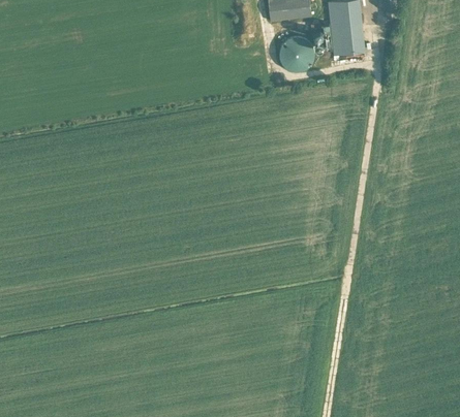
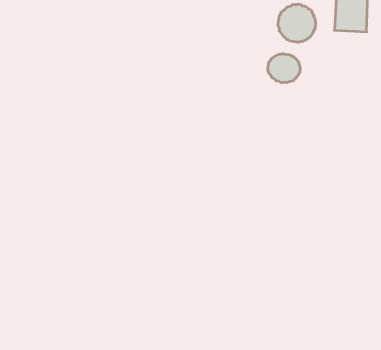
building: none -> [268,54,300,83]

